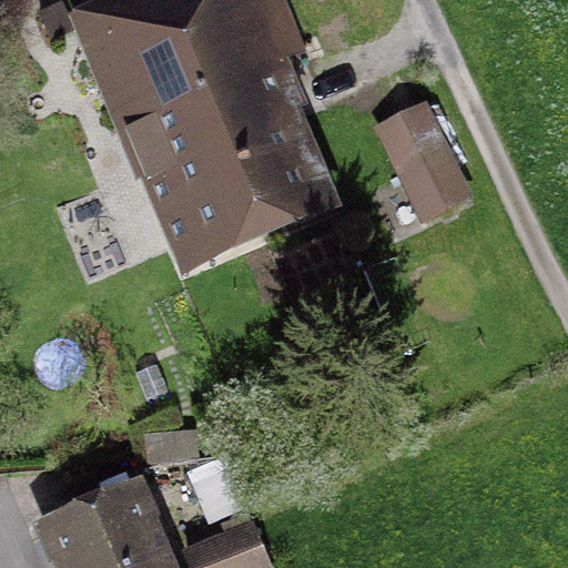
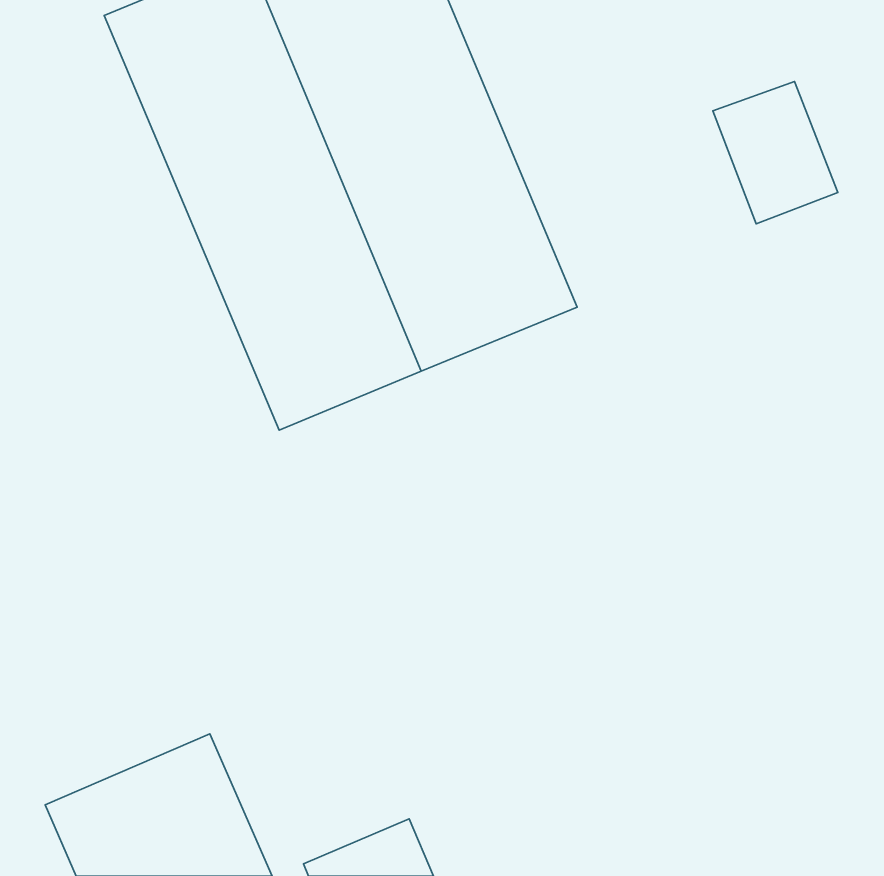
building: [383,134,463,225] -> [713,81,838,224]

